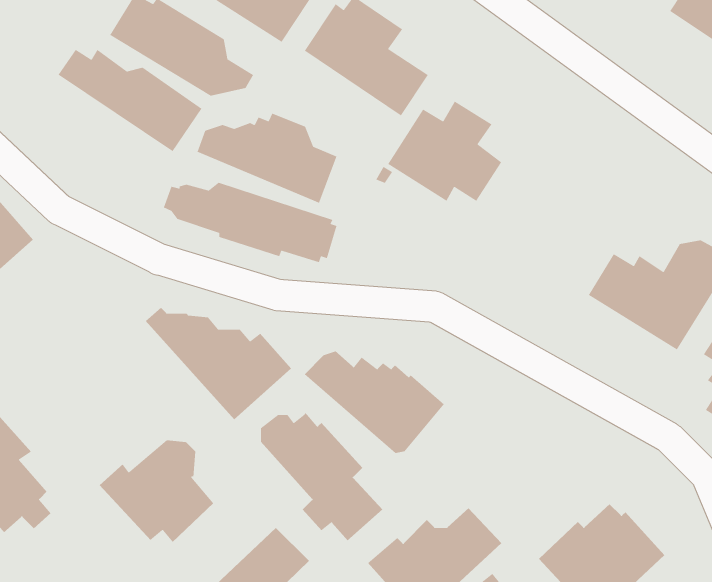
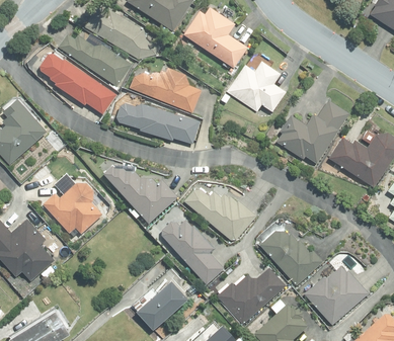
building: none -> [38,52,115,112]
building: none -> [277,99,348,163]
building: none -> [259,230,323,285]
building: [99,440,214,543] -> [43,181,101,234]

